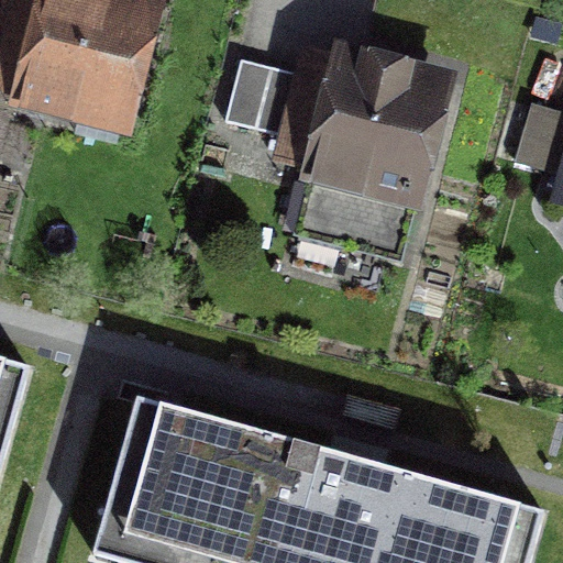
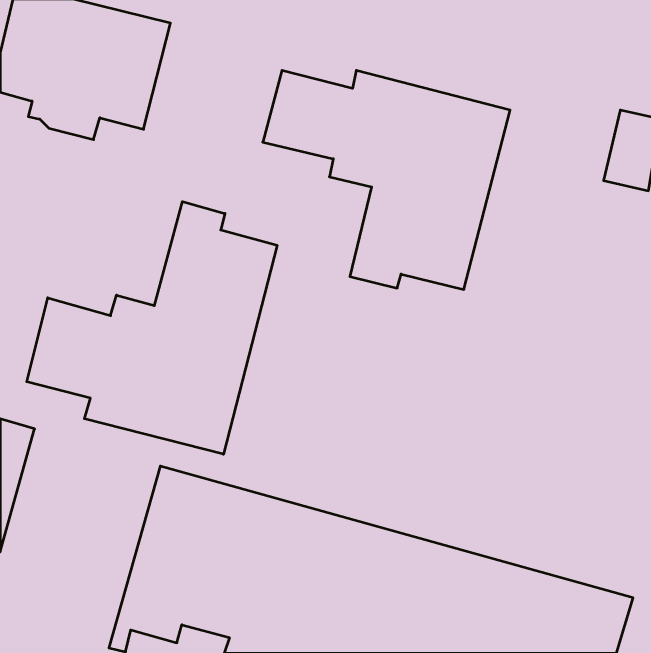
building: none -> [27,202,277,454]

